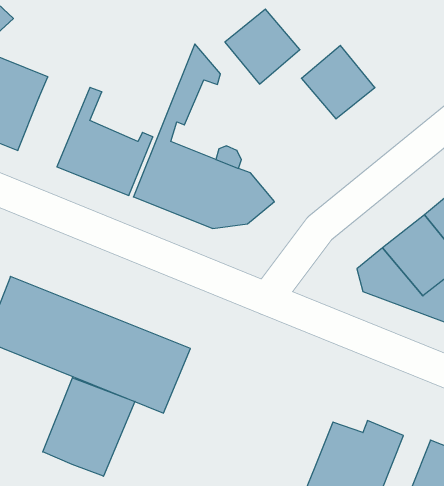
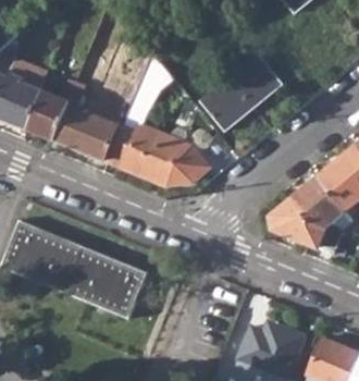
building: [225,9,300,84] -> [199,75,253,130]
building: none -> [23,78,75,139]
building: [43,378,135,476] -> none

